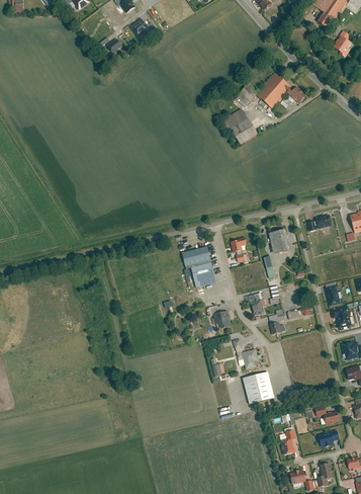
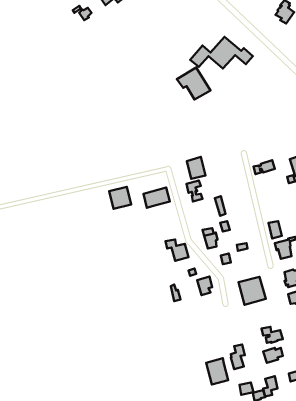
building: [268,228,289,253] -> [187,157,205,179]
building: [191,261,216,286] -> [109,187,131,209]
building: [245,370,276,403] -> [238,277,266,305]
building: none -> [206,358,228,385]

